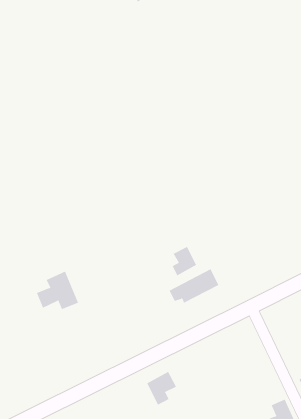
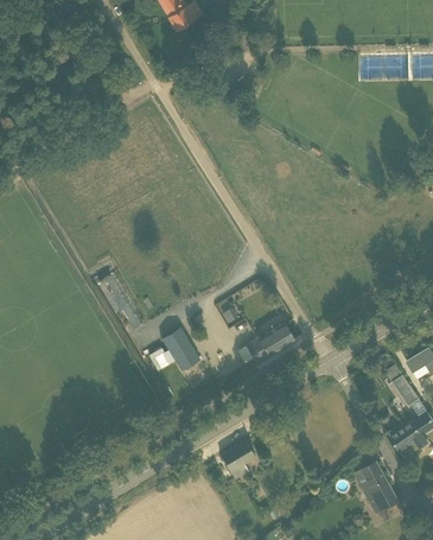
building: [172,246,197,276] -> none
building: [36,271,79,310] -> [149,326,198,370]

